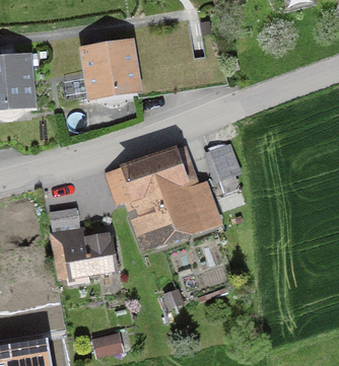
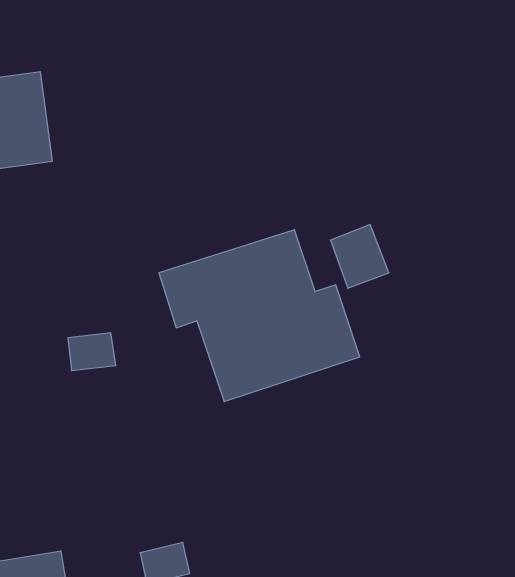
building: [81,39,144,101] -> none
building: [64,232,117,278] -> none

